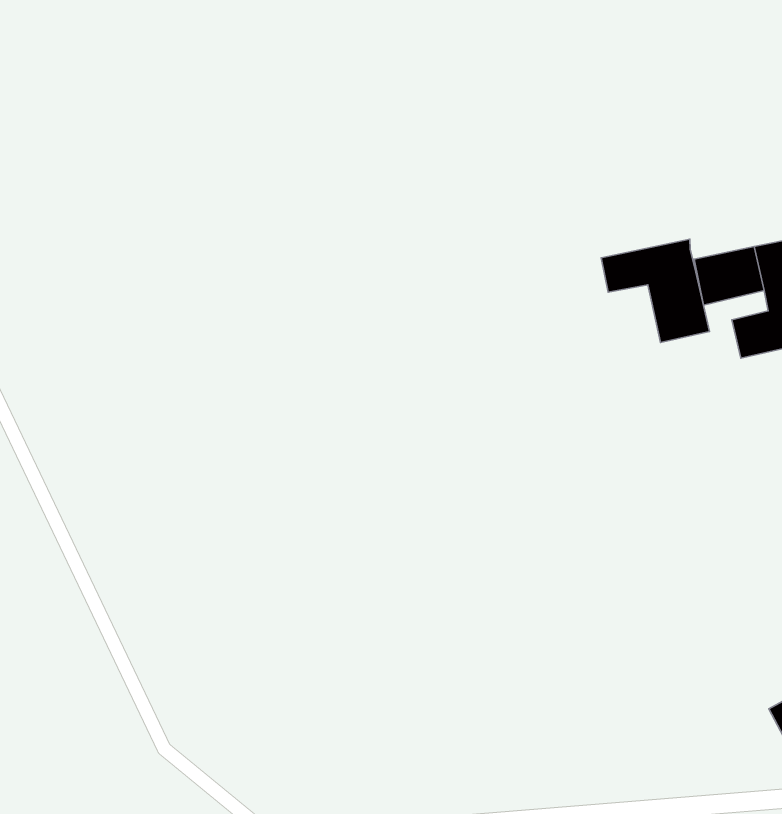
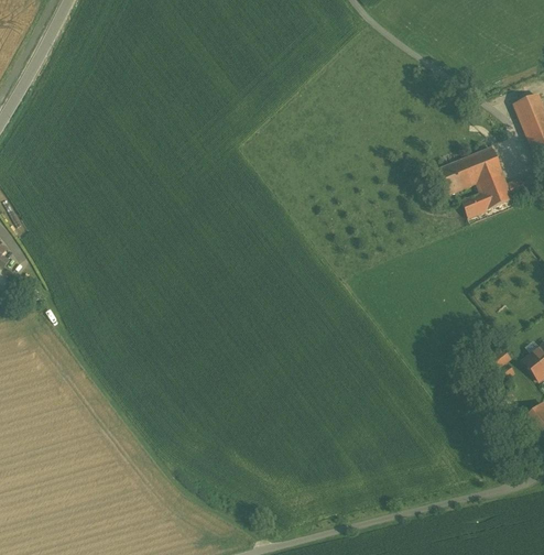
building: [601,239,710,343] -> none

